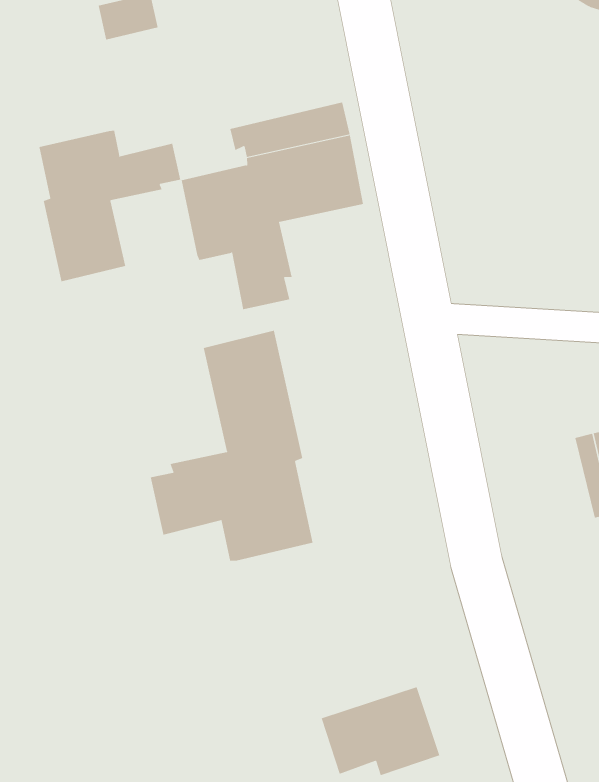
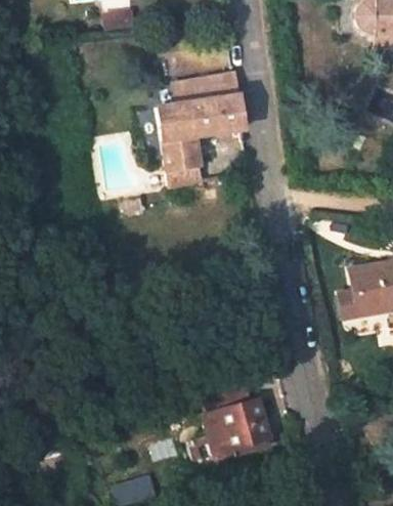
building: [39,130,181,282] -> none
building: [150,330,313,562] -> none

